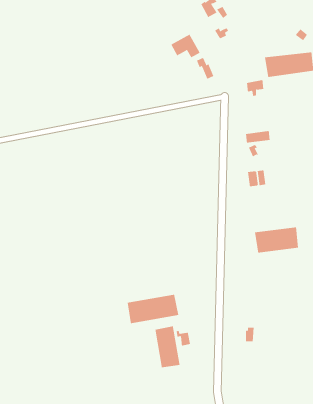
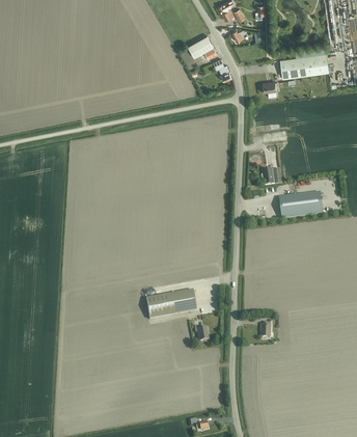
building: [254,227,299,253] -> [278,192,322,218]
building: [155,325,180,368] -> none

